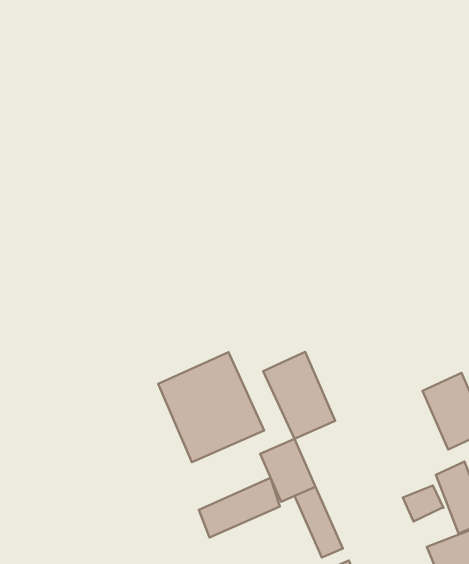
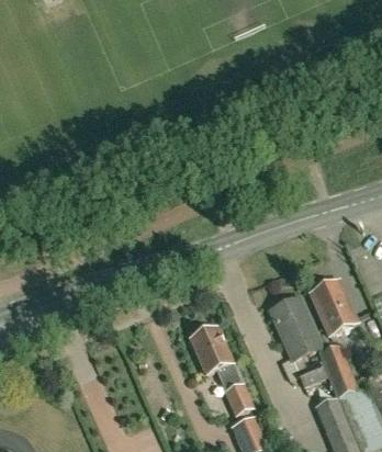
building: [263,352,335,439] -> [270,295,323,359]
building: [158,352,264,462] -> none
building: [199,478,280,537] -> none

